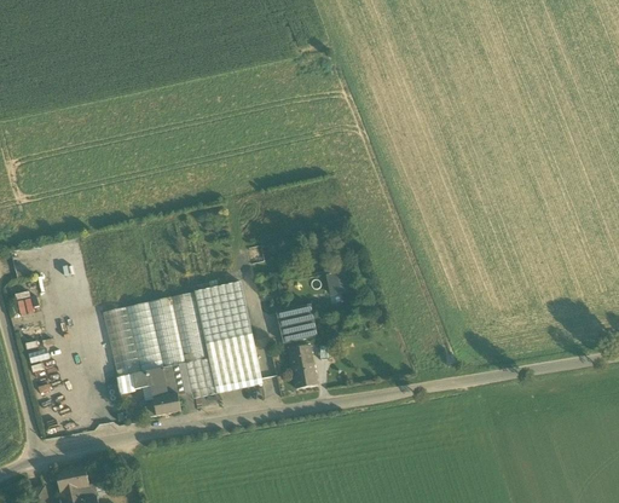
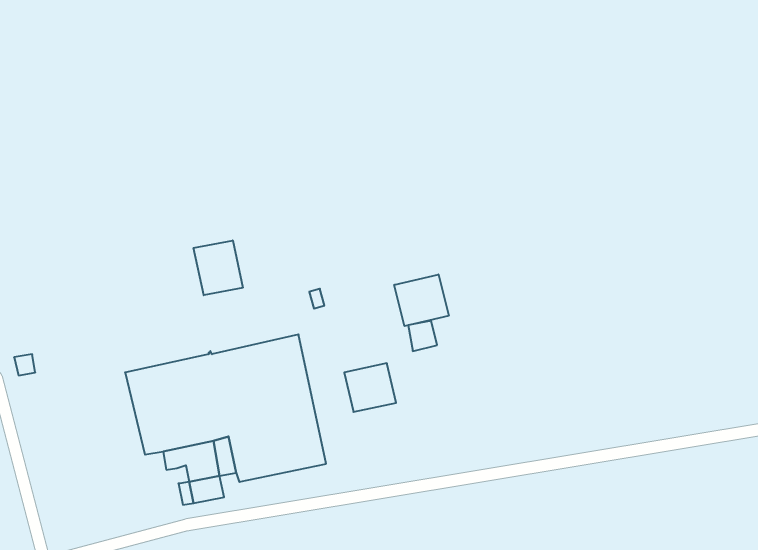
building: none -> [194,240,243,295]
building: none -> [394,274,449,326]
building: [290,345,317,388] -> none

